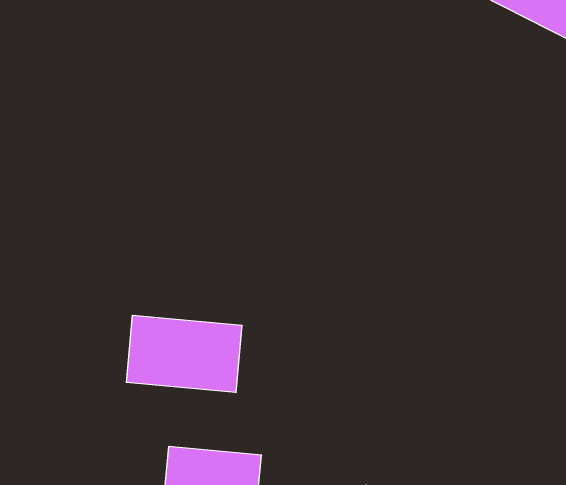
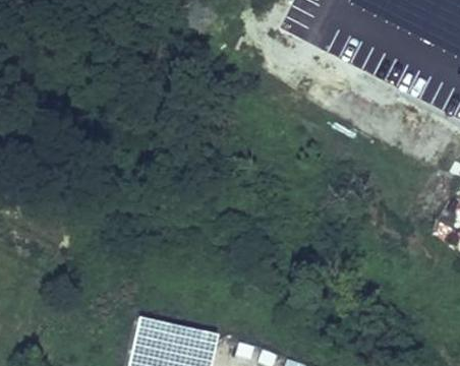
building: [126,315,242,393] -> none

